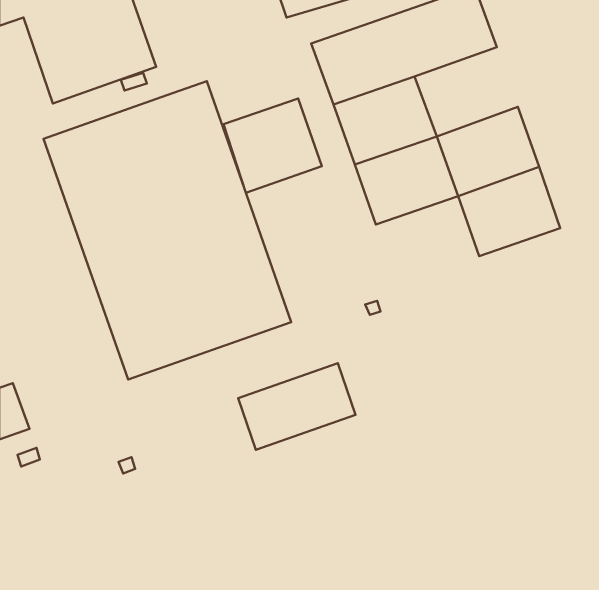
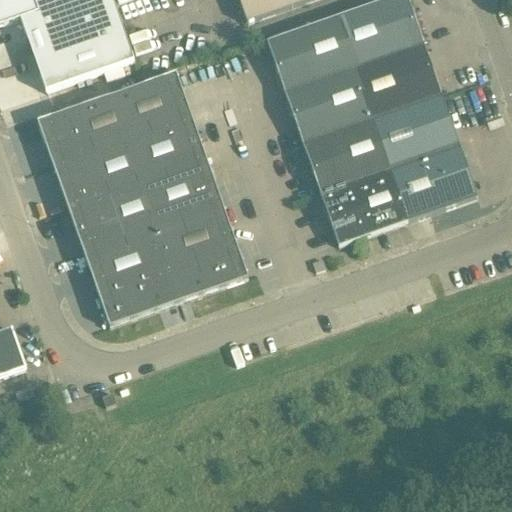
building: none -> [353,40,441,116]
building: [224,98,322,193] -> none
building: none -> [320,167,408,243]
building: [238,363,355,450] -> none

